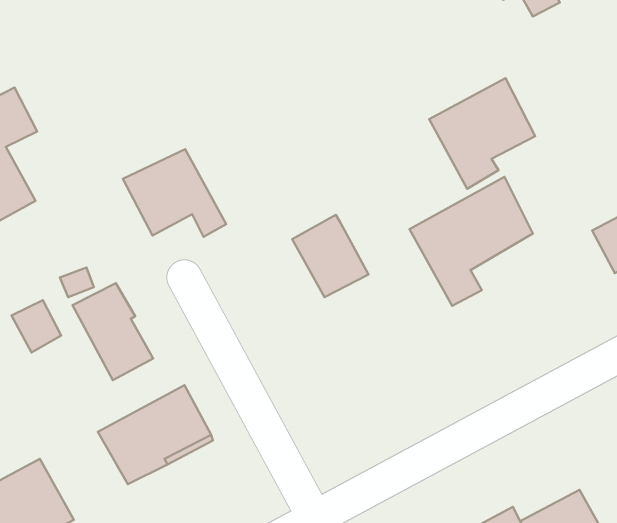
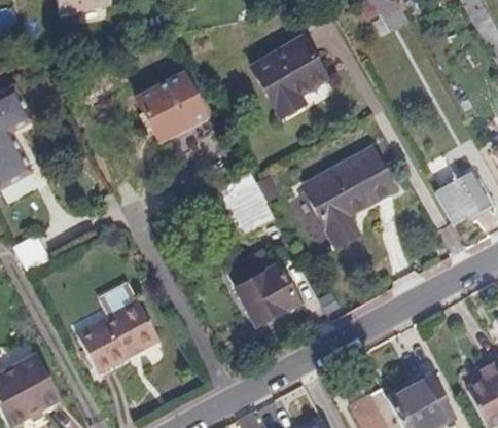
building: [429,78,535,189] -> [254,36,331,116]
building: [123,149,226,237] -> [138,82,213,146]
building: [72,283,153,380] -> none
building: none -> [228,254,296,323]

